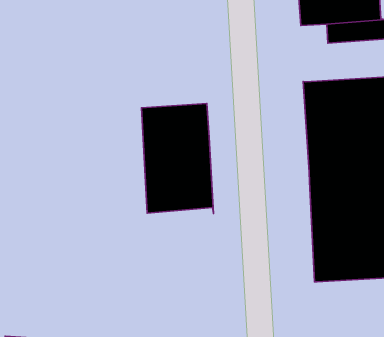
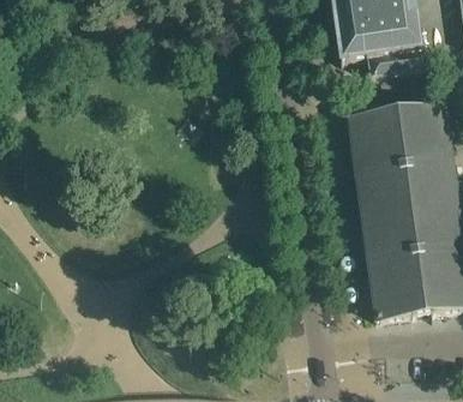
building: [141,104,213,213] -> none

